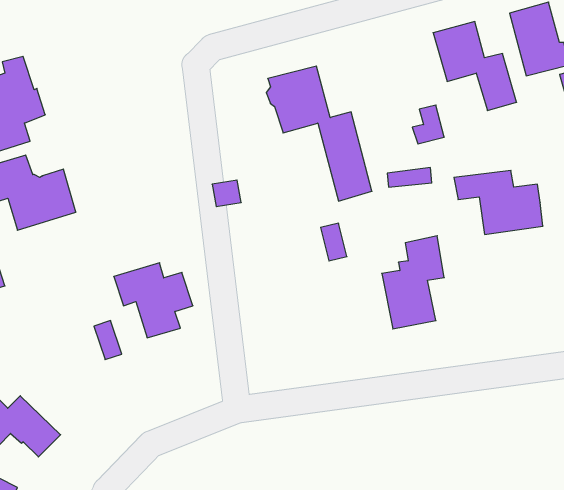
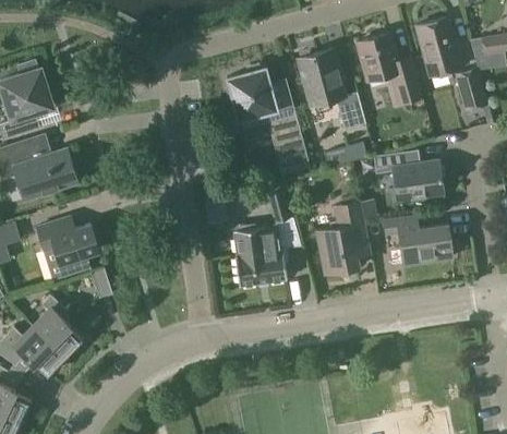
building: none -> [299,50,345,106]
building: none -> [382,214,452,265]
building: [114,263,193,338] -> [37,217,99,276]
building: none -> [233,226,287,287]
building: none -> [33,296,82,358]

